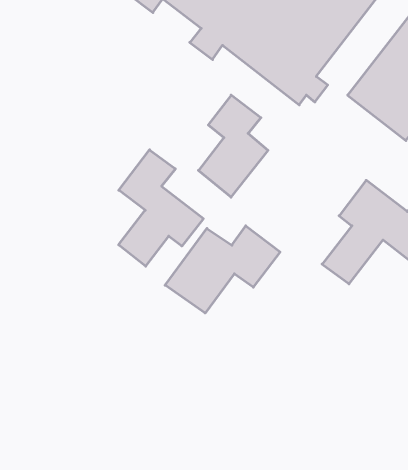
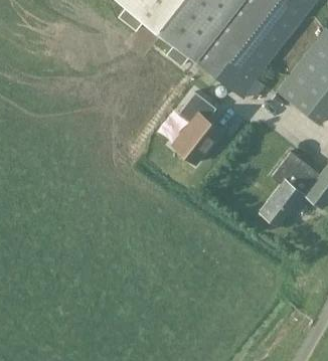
building: [119,150,203,266] -> none
building: [165,226,280,313] -> none

